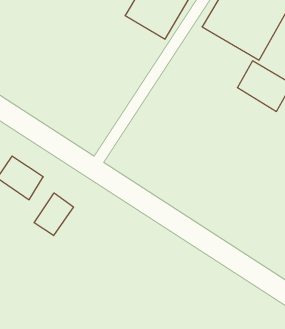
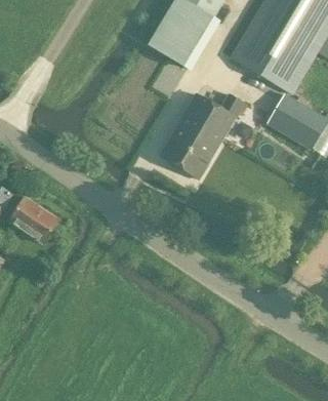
building: none -> [160,93,244,178]
building: [34,193,73,236] -> none

